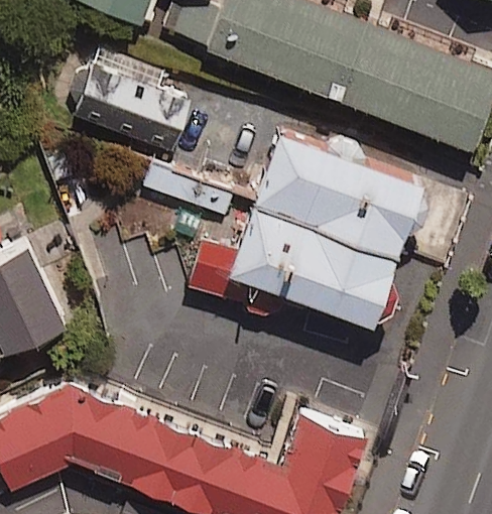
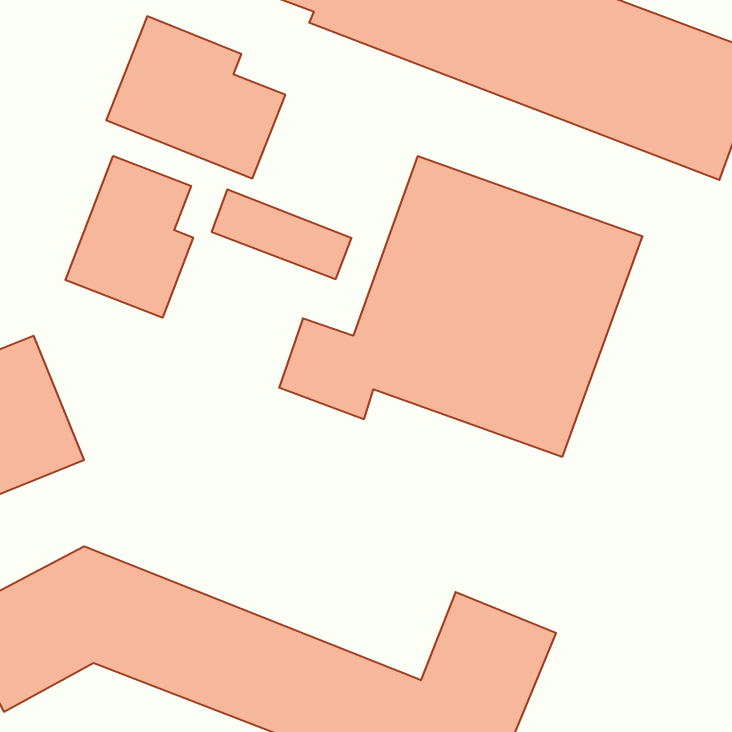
building: none -> [65,156,193,318]

